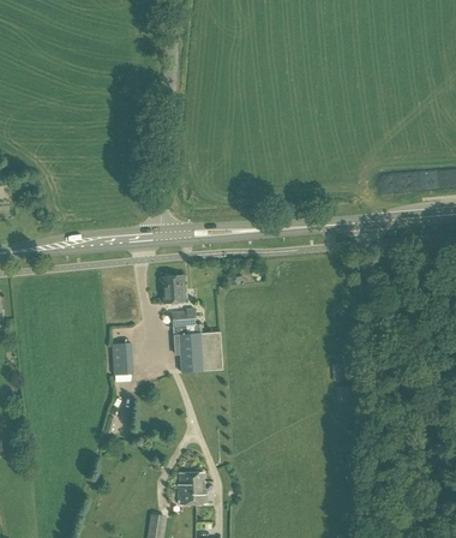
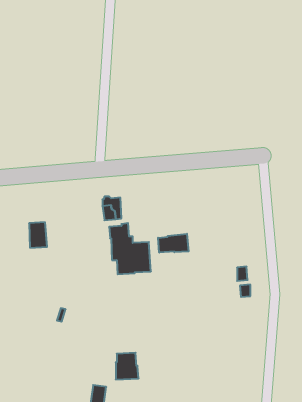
building: none -> [158,234,189,253]
building: [110,341,133,373] -> [29,222,47,248]

